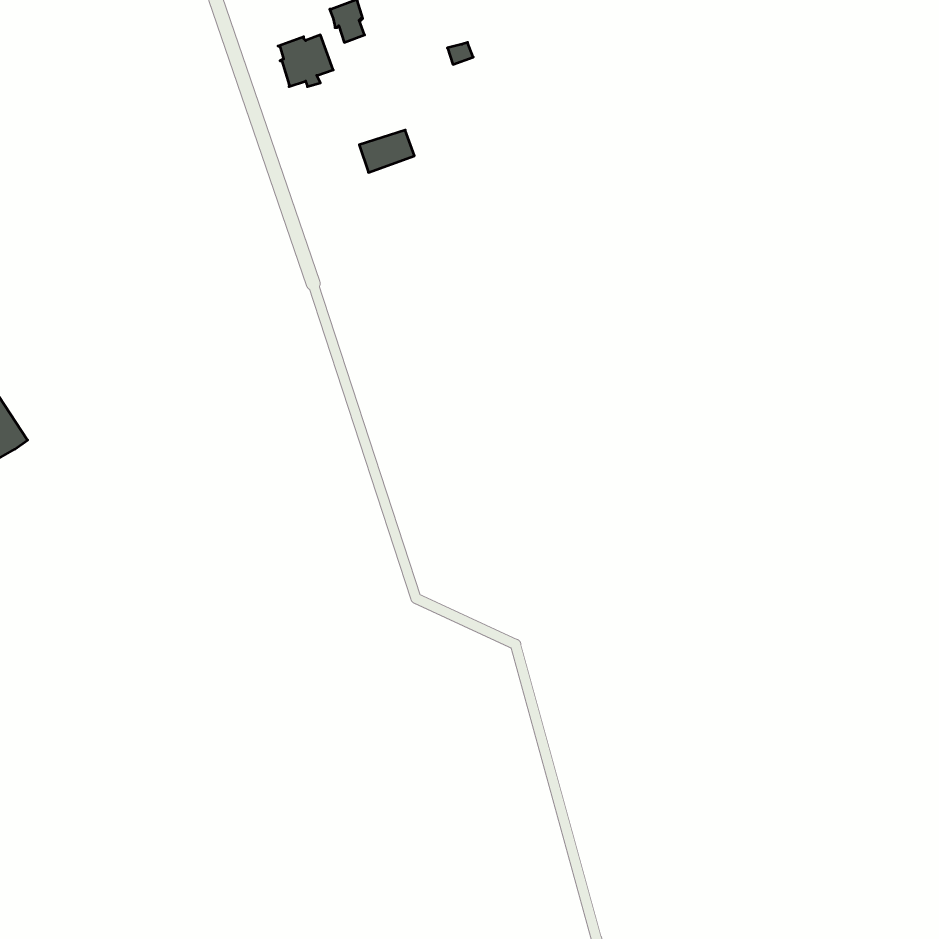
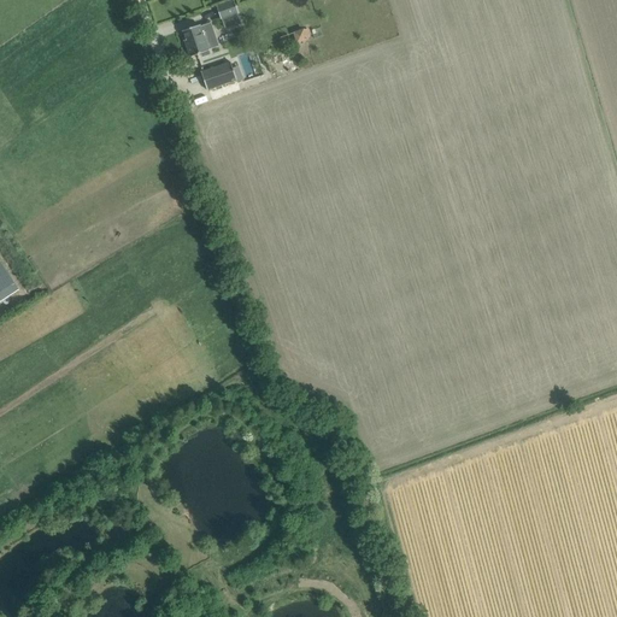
building: [359,130,414,172] -> [200,61,236,89]

